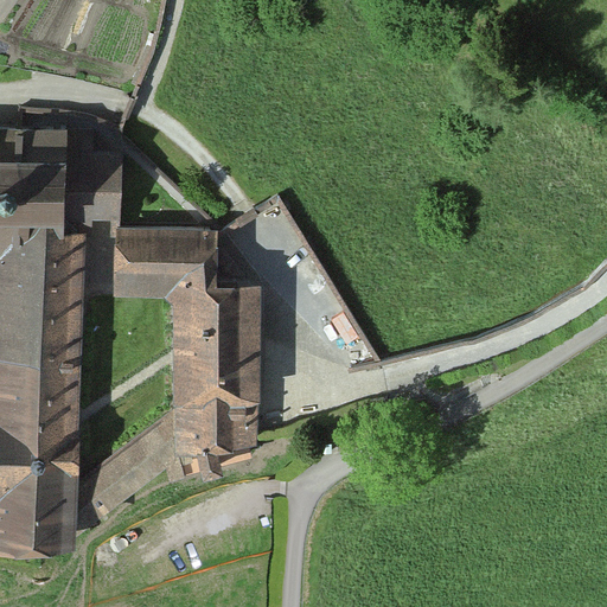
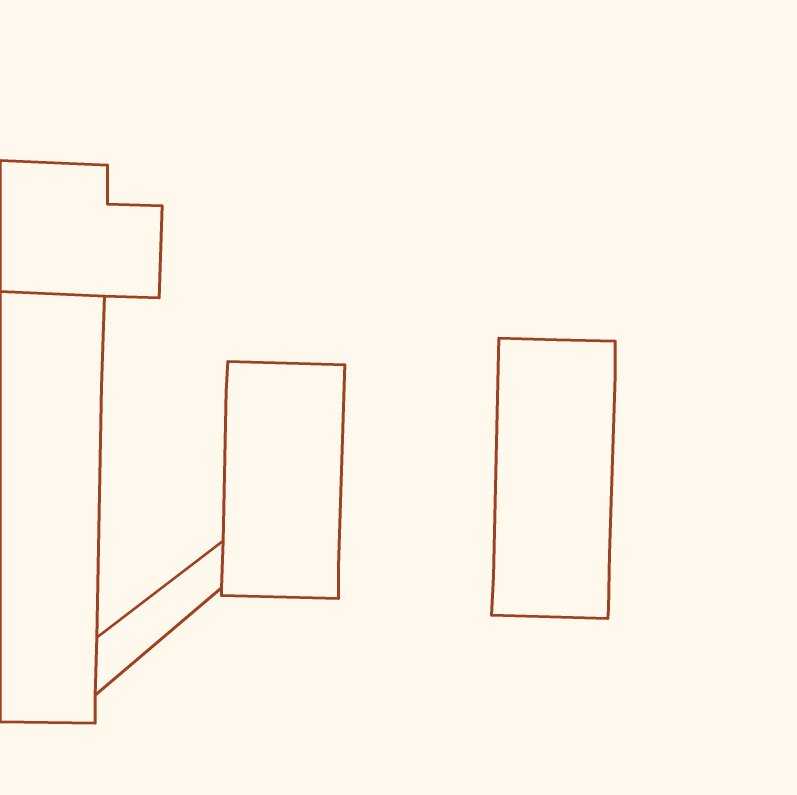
building: [77,226,218,299] -> none
building: none -> [492,338,615,618]

